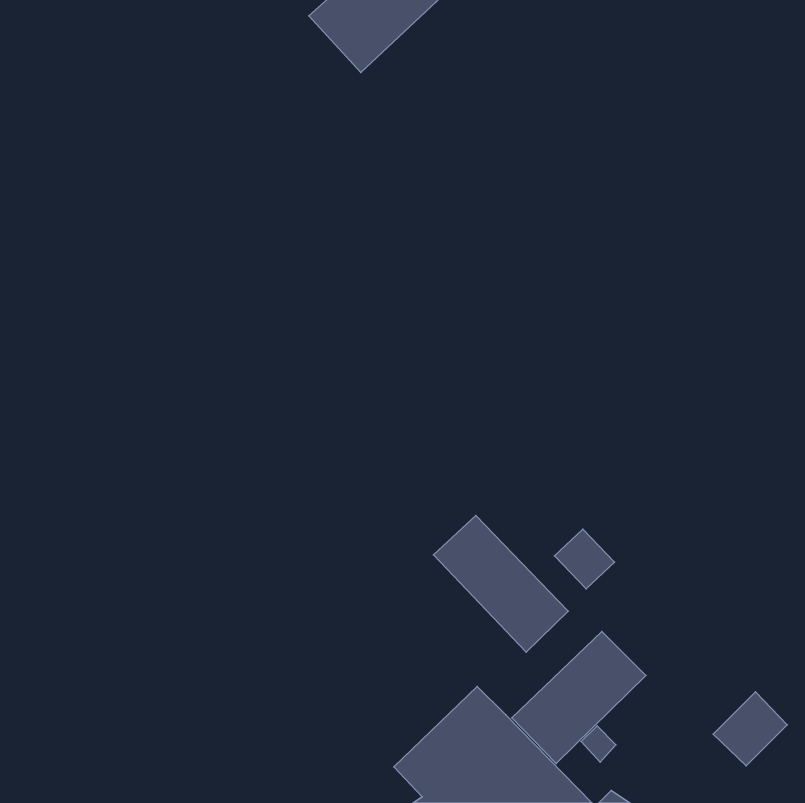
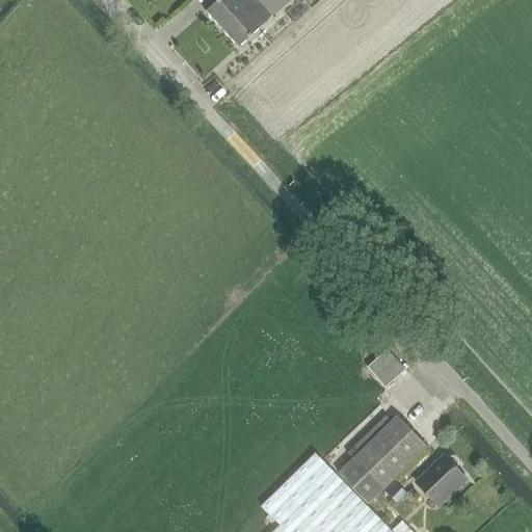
building: [433,516,568,652] -> none
building: [713,692,787,766] -> [417,456,466,505]

